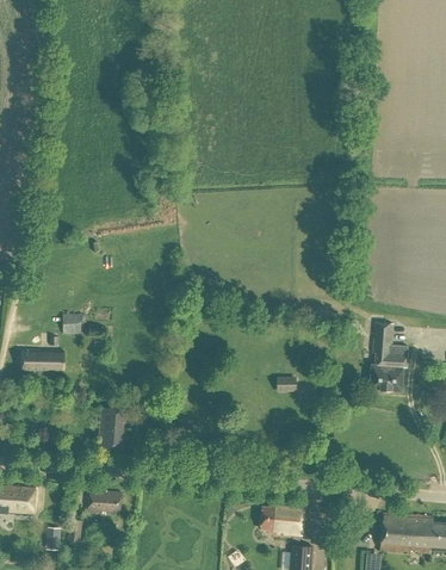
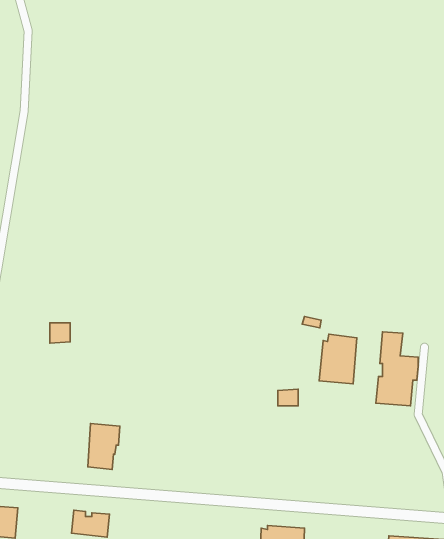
building: none -> [319,334,357,384]
building: [23,349,58,373] -> none

